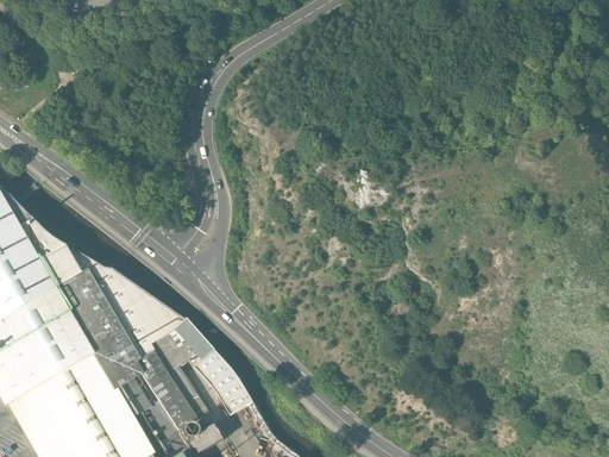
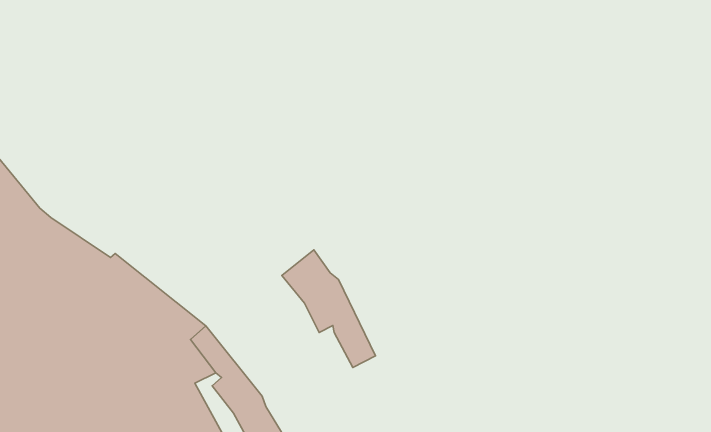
building: none -> [282,250,375,367]

